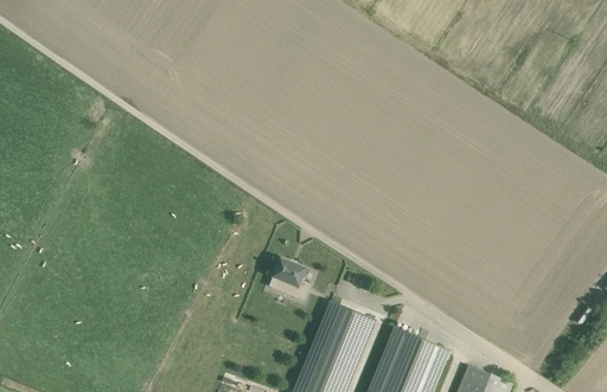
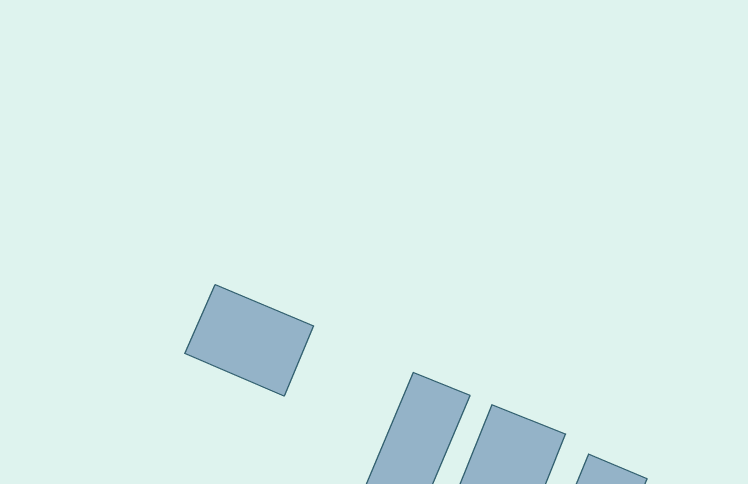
building: none -> [185,285,313,396]
building: [269,258,309,301] -> none

